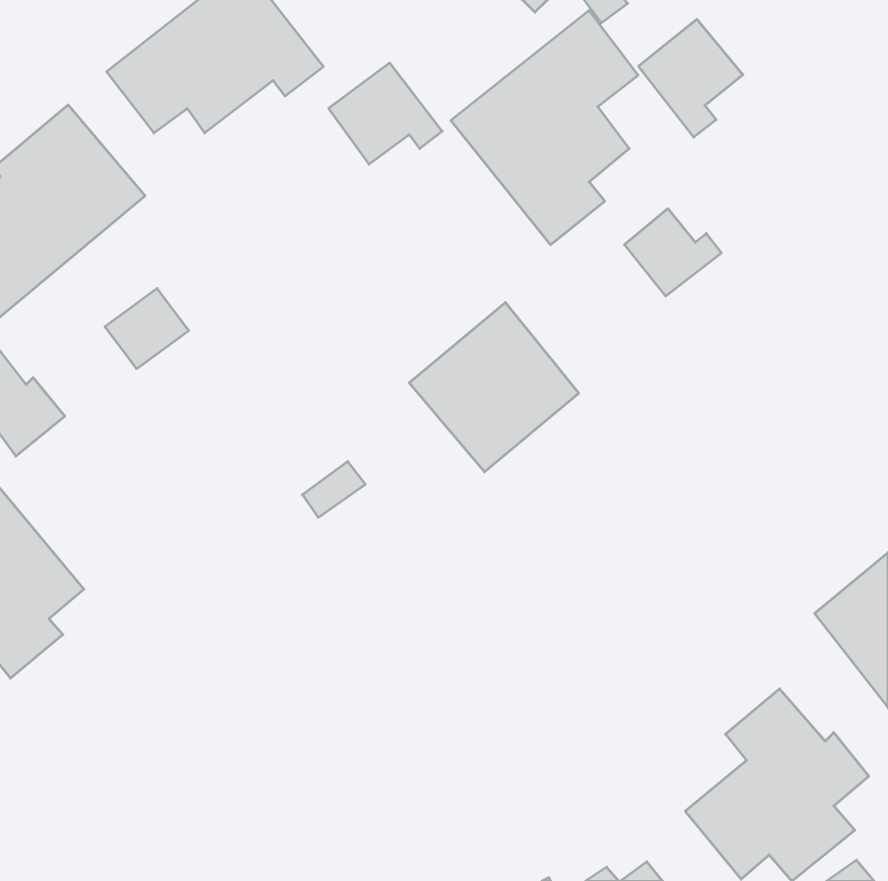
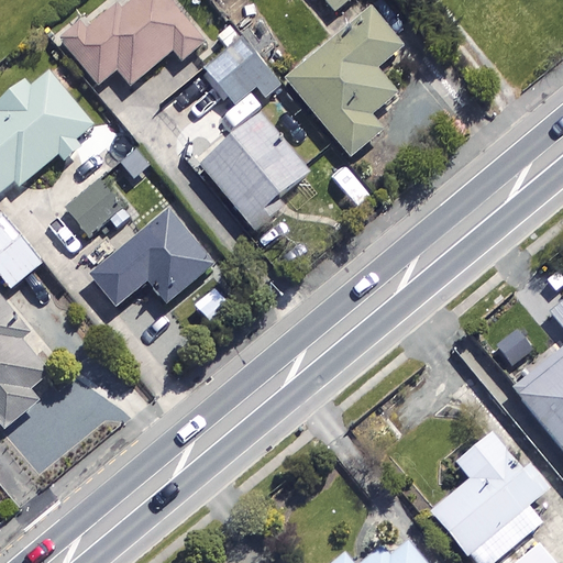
building: [639,19,743,137] -> none
building: [624,209,721,296] -> none
building: [409,302,579,472] -> [202,117,309,223]
building: none -> [90,210,212,307]

